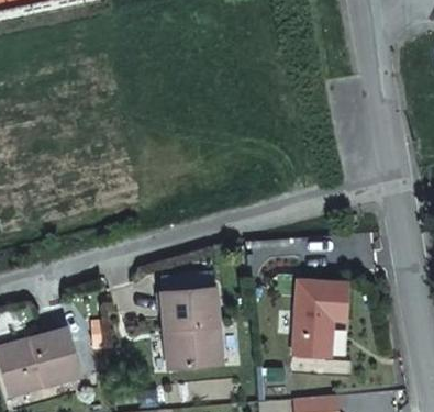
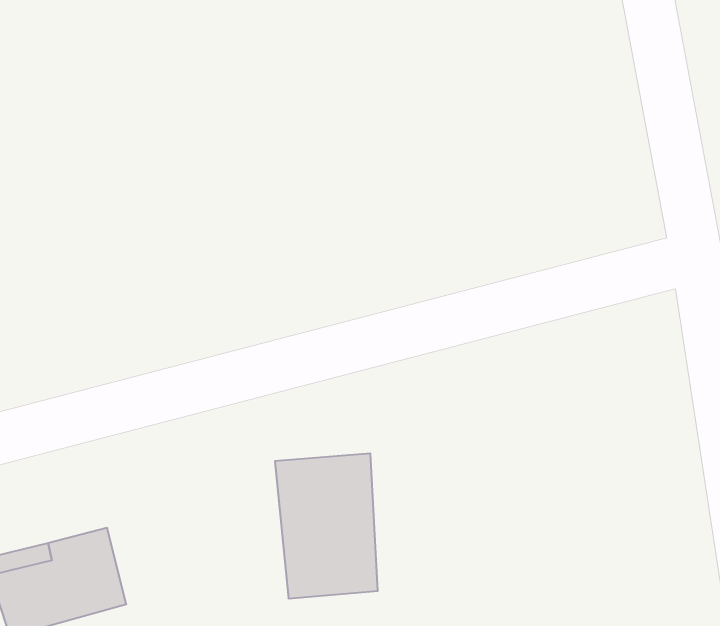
building: [300,285,349,360] -> none

